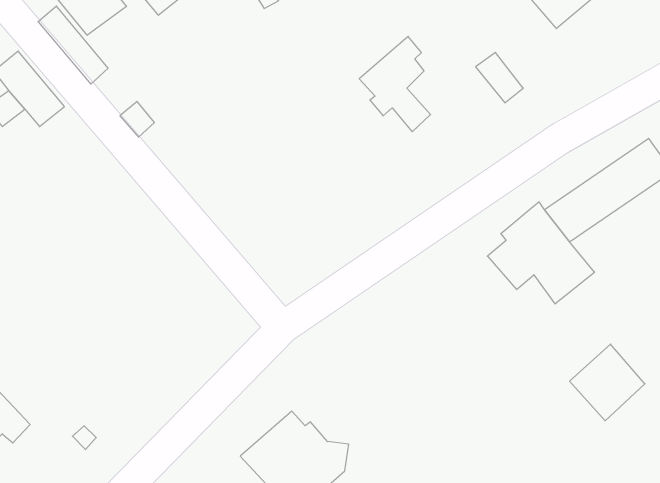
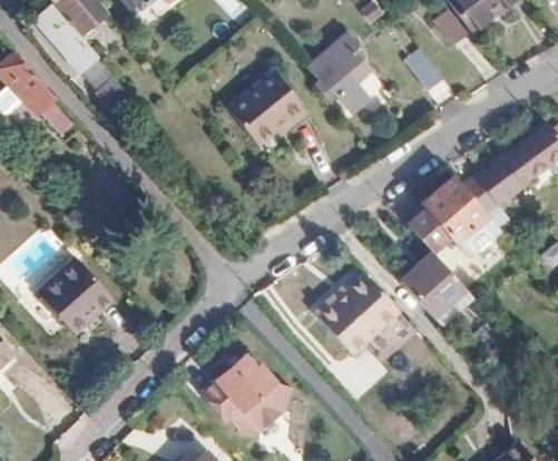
building: none -> [228,73,304,145]
building: none -> [36,256,107,325]
building: none -> [307,268,390,345]
building: [570,344,645,421] -> [408,256,471,321]

